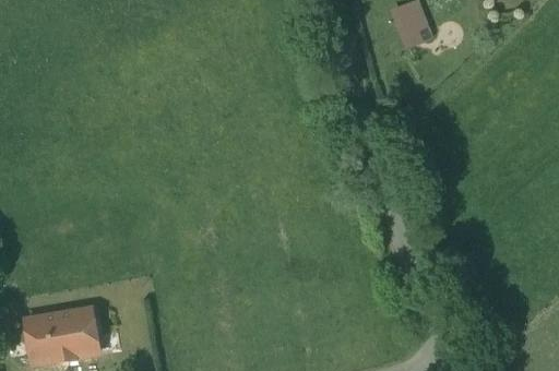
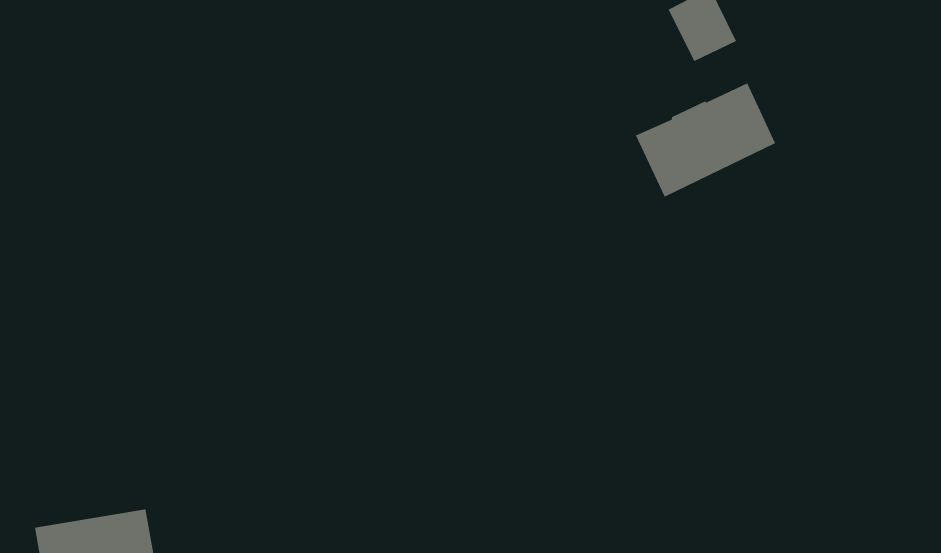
building: none -> [635,83,776,197]

